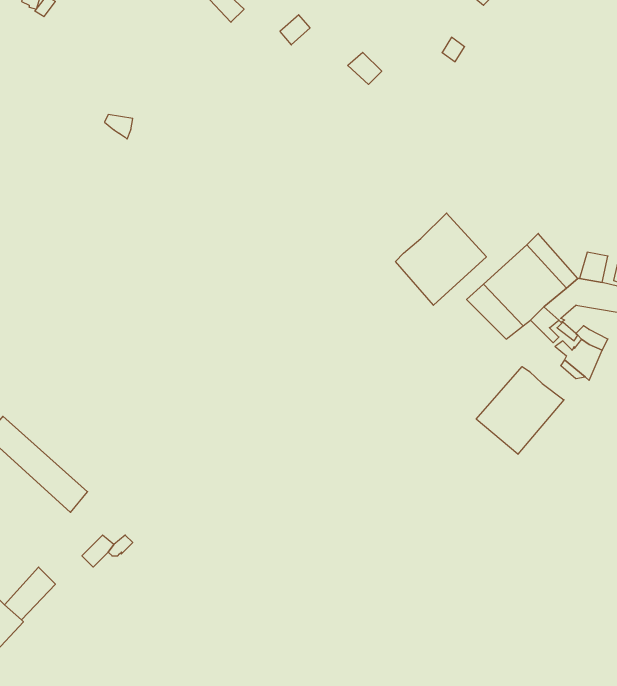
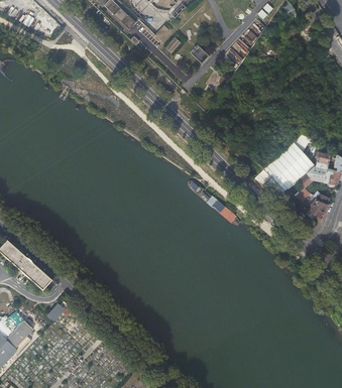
building: [396,213,486,305] -> none
building: [476,367,564,454] -> none

